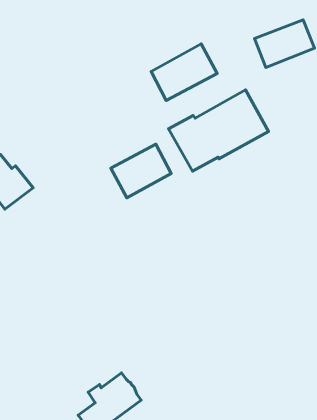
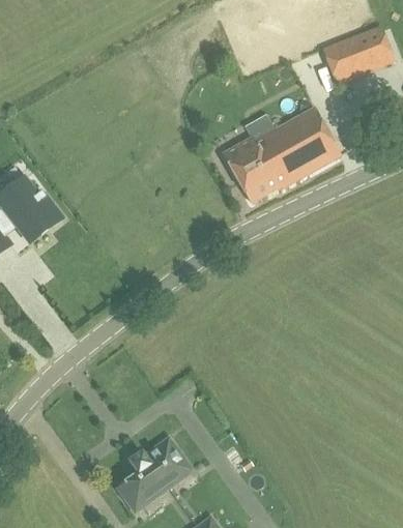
building: [151,44,217,101] -> none
building: [111,144,171,198] -> none

